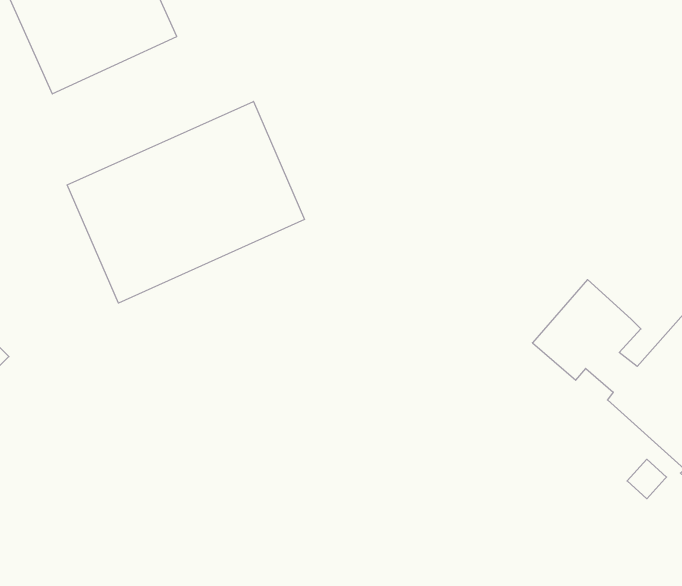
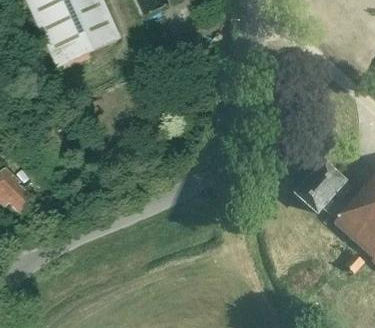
building: [67,101,305,303] -> none

